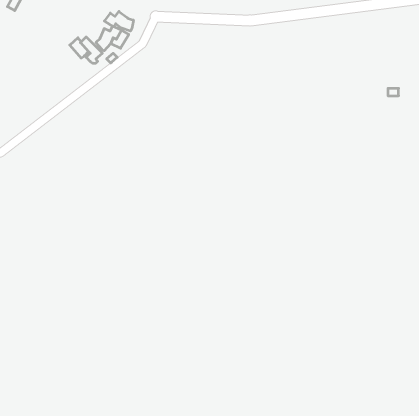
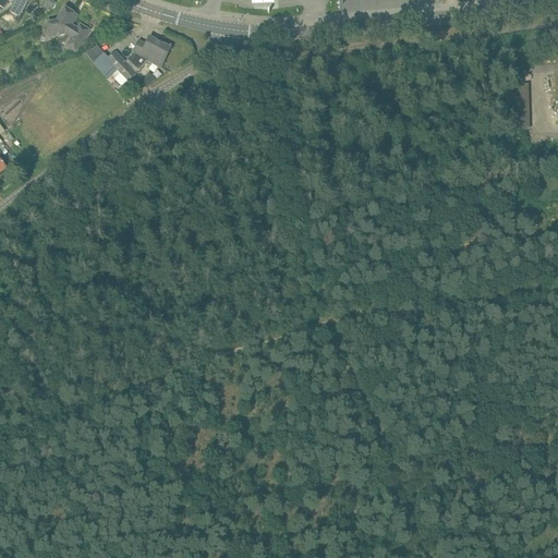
building: none -> [47,5,89,49]
building: [104,11,133,31] -> none

